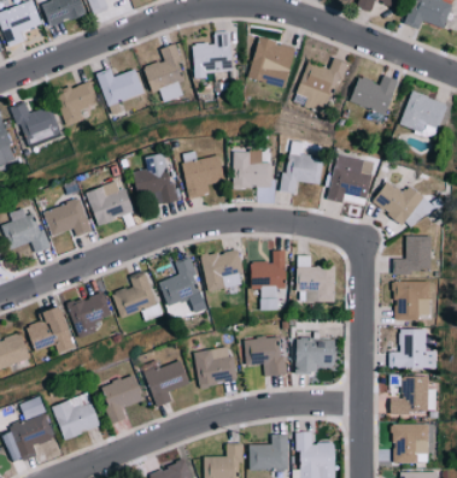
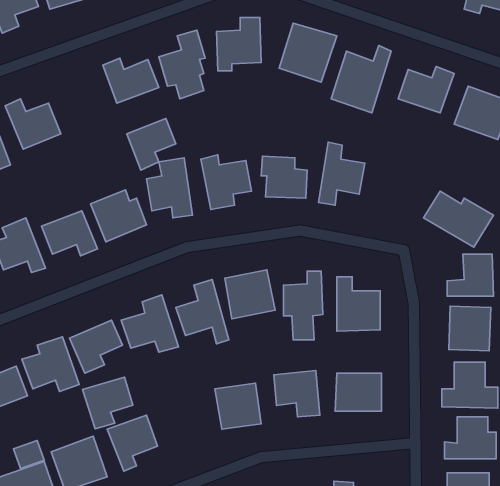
building: [57,81,99,125] -> [127,118,176,170]
building: [327,153,375,207] -> none
building: [145,361,188,406] -> [83,377,133,429]

